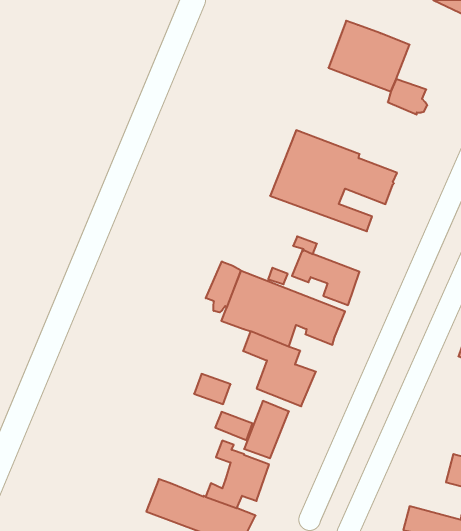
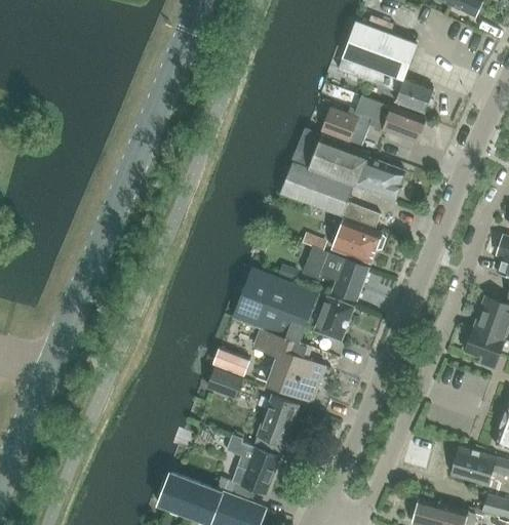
building: none -> [356,96,425,143]
building: none -> [321,108,357,142]
building: none -> [334,218,383,264]
building: [206,261,241,312] -> none
building: [215,412,253,440] -> [213,349,250,376]

